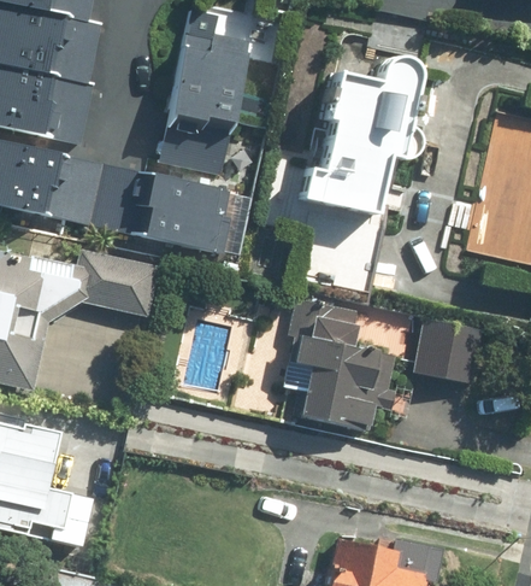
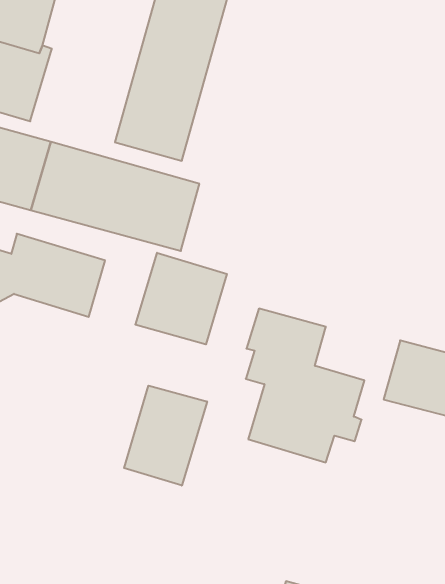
building: [315,51,420,215] -> none
building: none -> [135,253,227,344]
building: none -> [124,386,207,486]

